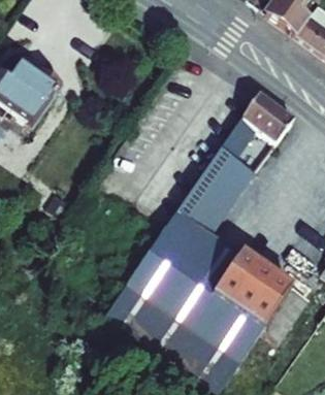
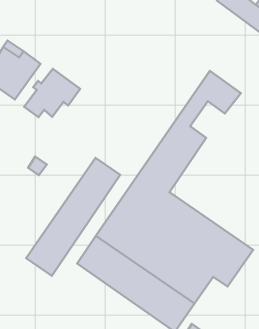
building: none -> [24,69,80,117]
building: none -> [26,158,120,276]

